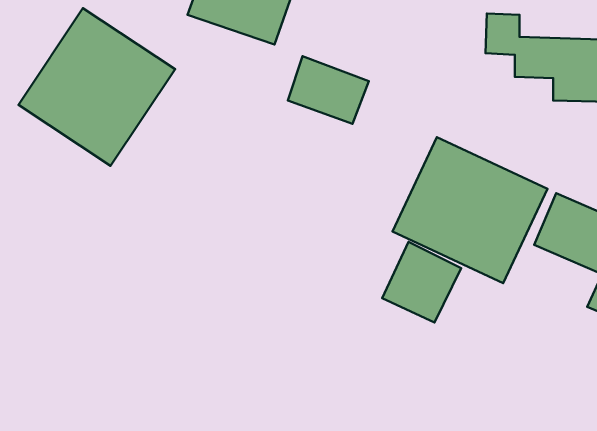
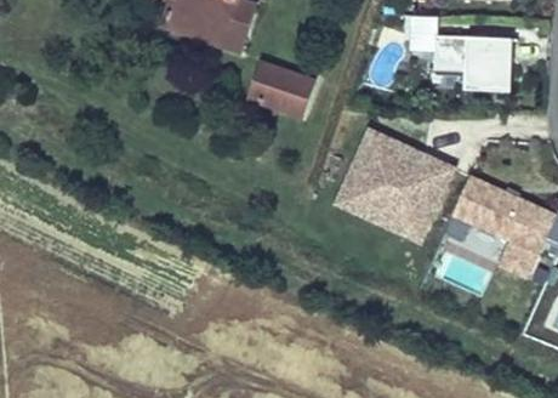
building: [19,8,175,166] -> none
building: [382,242,461,323] -> none

